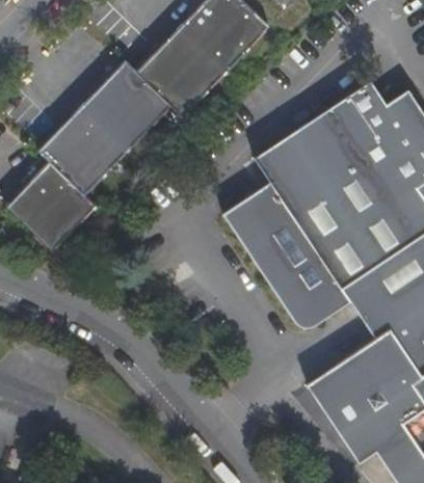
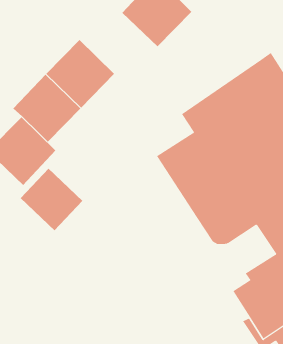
building: [124,28,224,117] -> none
building: none -> [20,168,83,231]
building: [306,365,343,426] -> none

